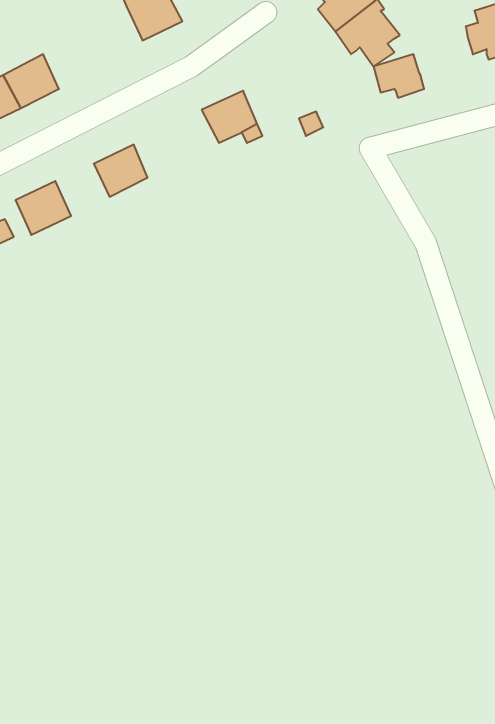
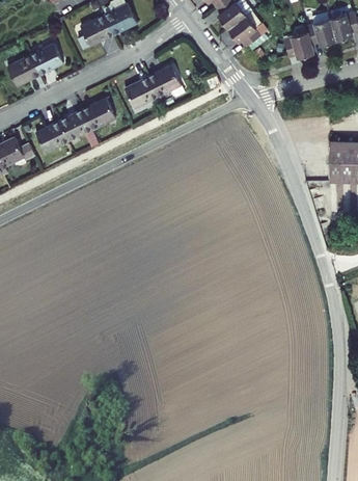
building: none -> [77,16,112,50]
building: [374,54,424,98] -> [282,33,312,59]
building: none -> [125,77,158,108]
building: none -> [60,109,92,140]

